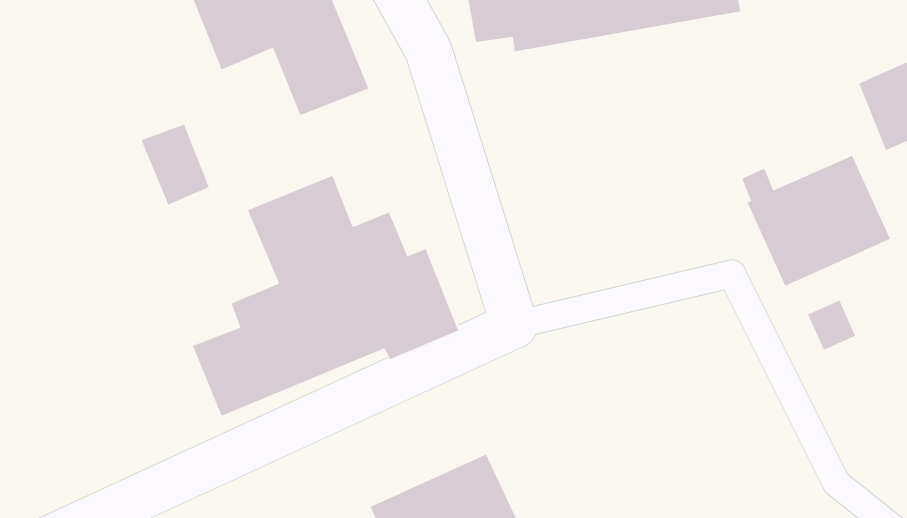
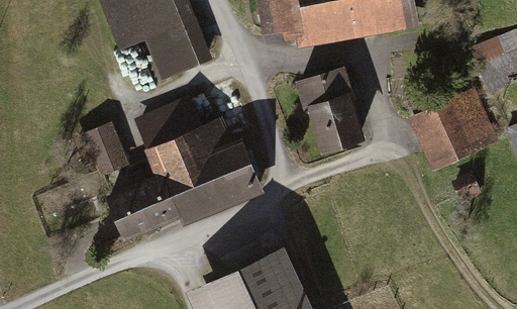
building: none -> [300,72,363,148]
building: [140,123,210,206] -> [87,128,125,174]

